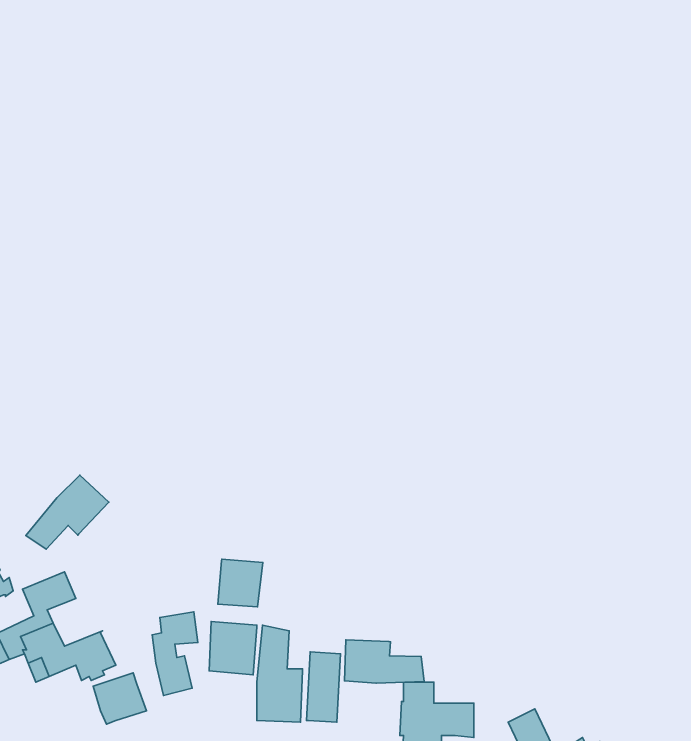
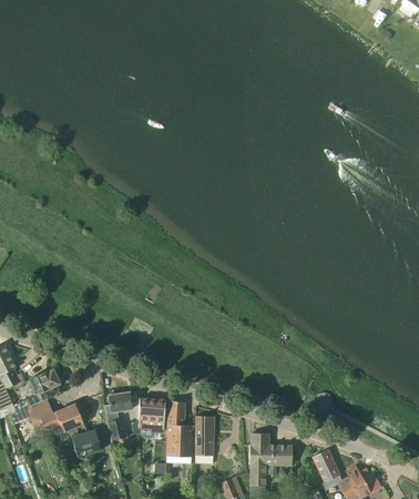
building: [26,475,109,549] -> none
building: [218,559,263,607] -> none
building: [345,640,424,683] -> none

